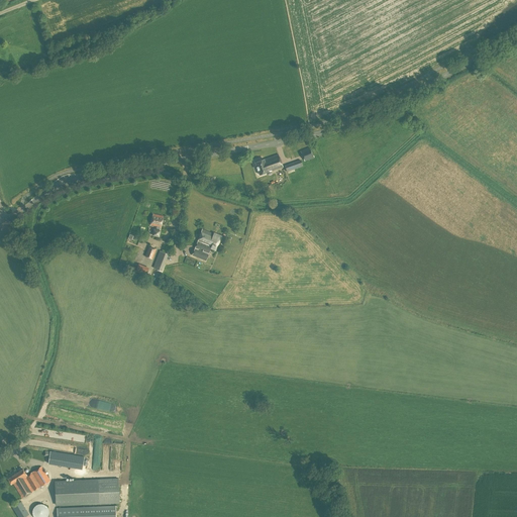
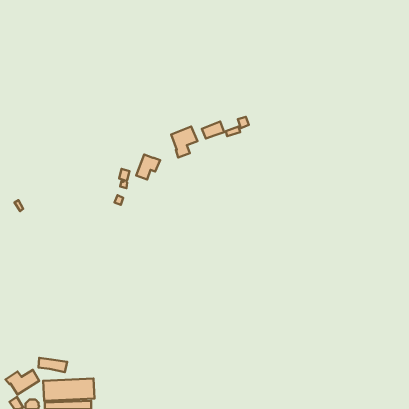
building: none -> [171,127,197,157]
building: [192,229,222,261] -> [136,155,160,179]

